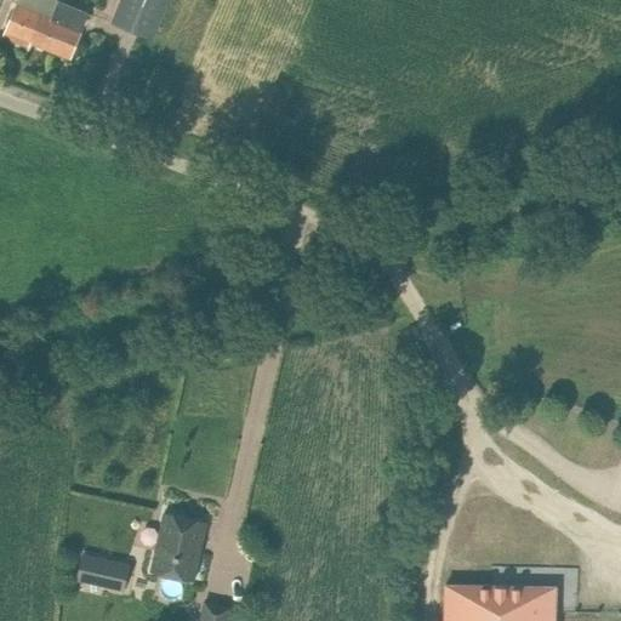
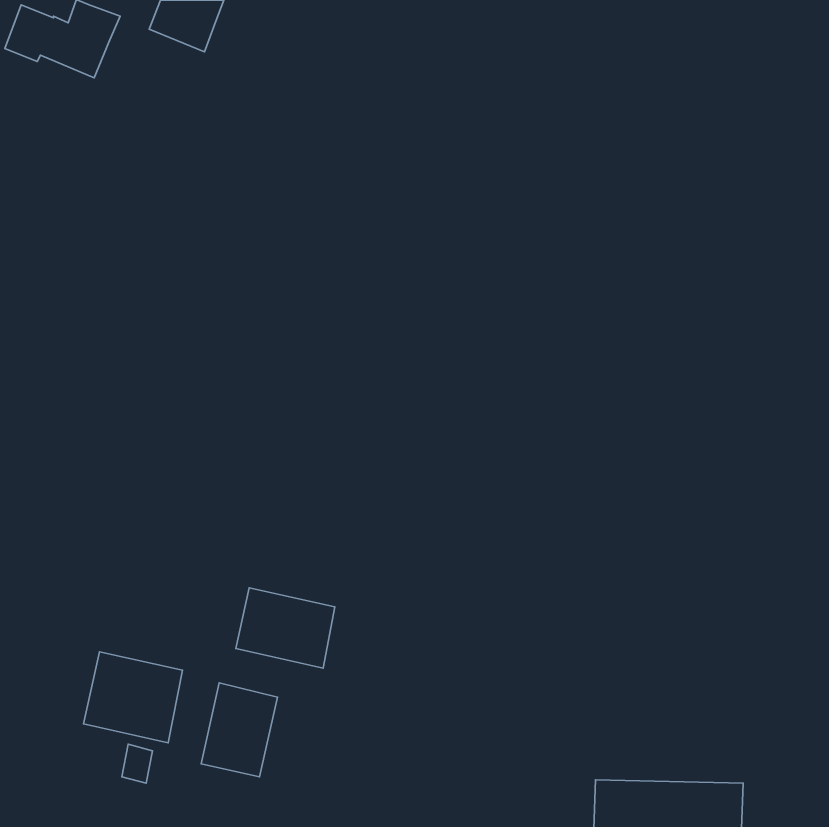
building: none -> [236,588,335,668]
building: none -> [84,652,183,743]

